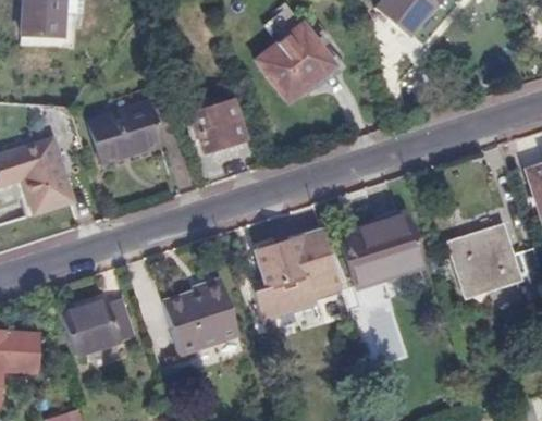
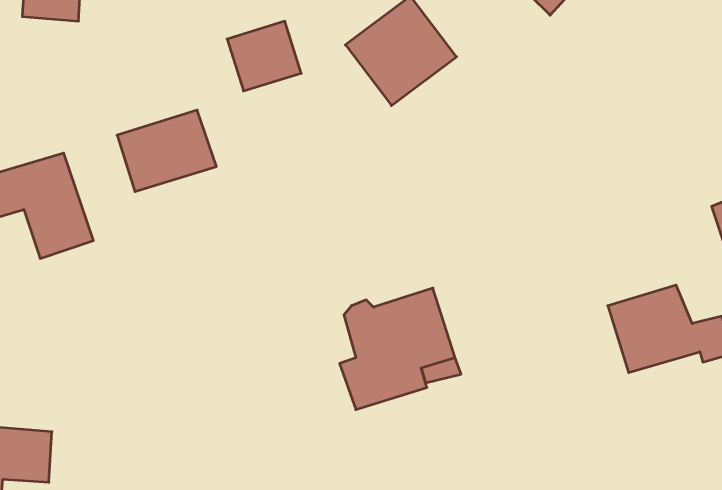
building: [192,99,246,150] -> [227,21,301,91]
building: [335,213,420,285] -> none
building: [164,281,236,351] -> none
building: [62,301,133,357] -> none

